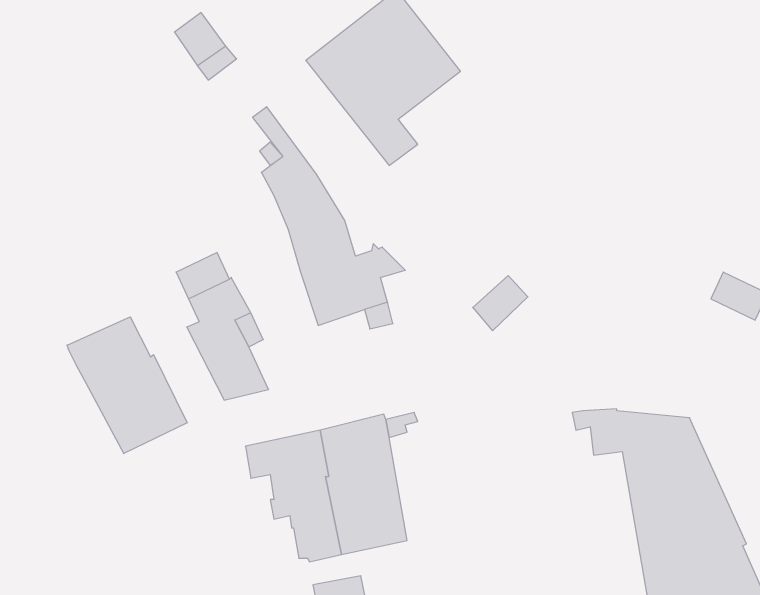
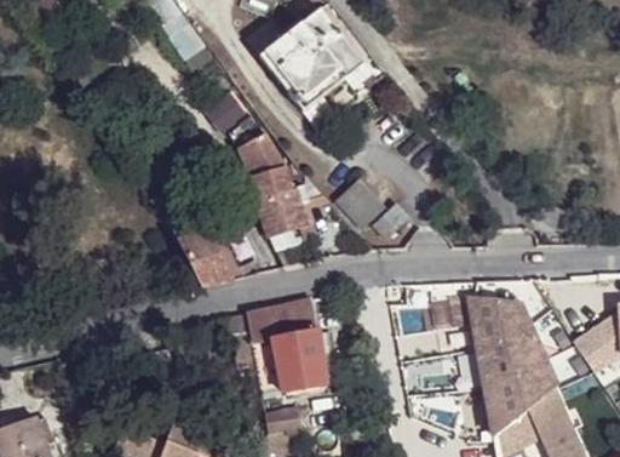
building: none -> [337,177,385,227]
building: [67,317,187,454] -> none

